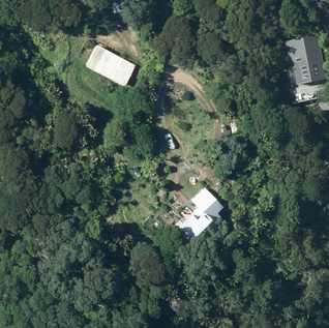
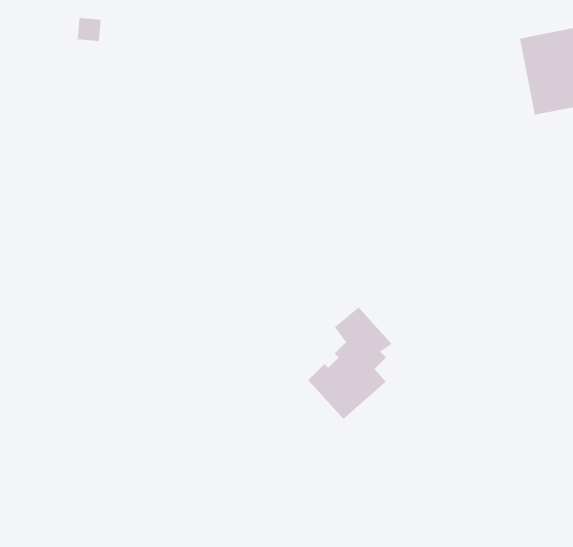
building: [82,43,131,85] -> none

